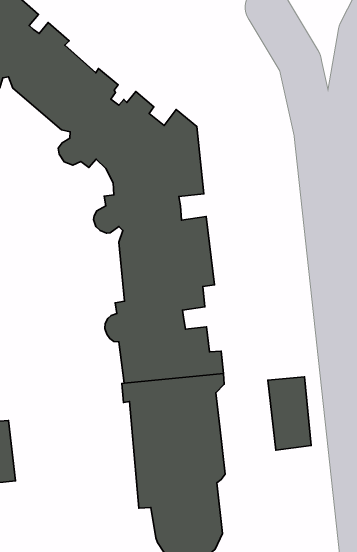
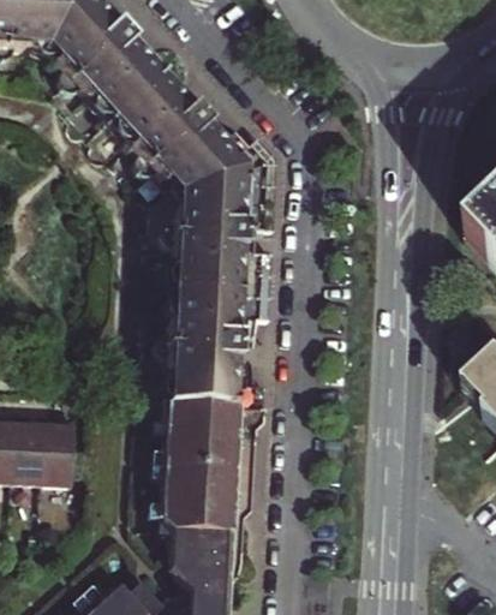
building: [268,377,311,450] -> none
building: none -> [36,422,71,485]

